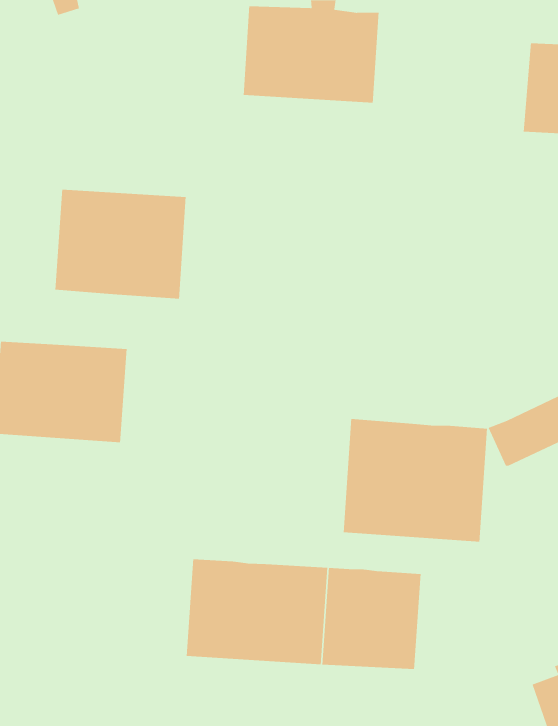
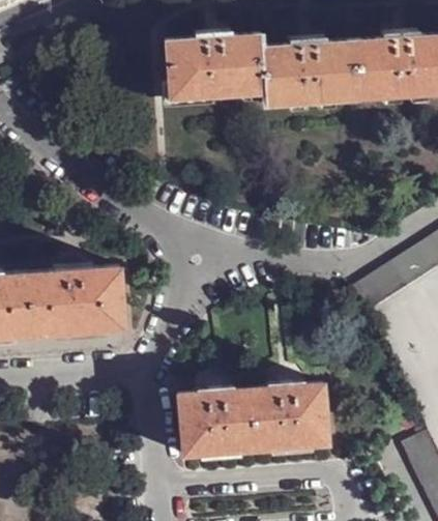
building: none -> [250,35,350,106]
building: [54,189,187,300] -> none
building: [343,418,488,543] -> none

